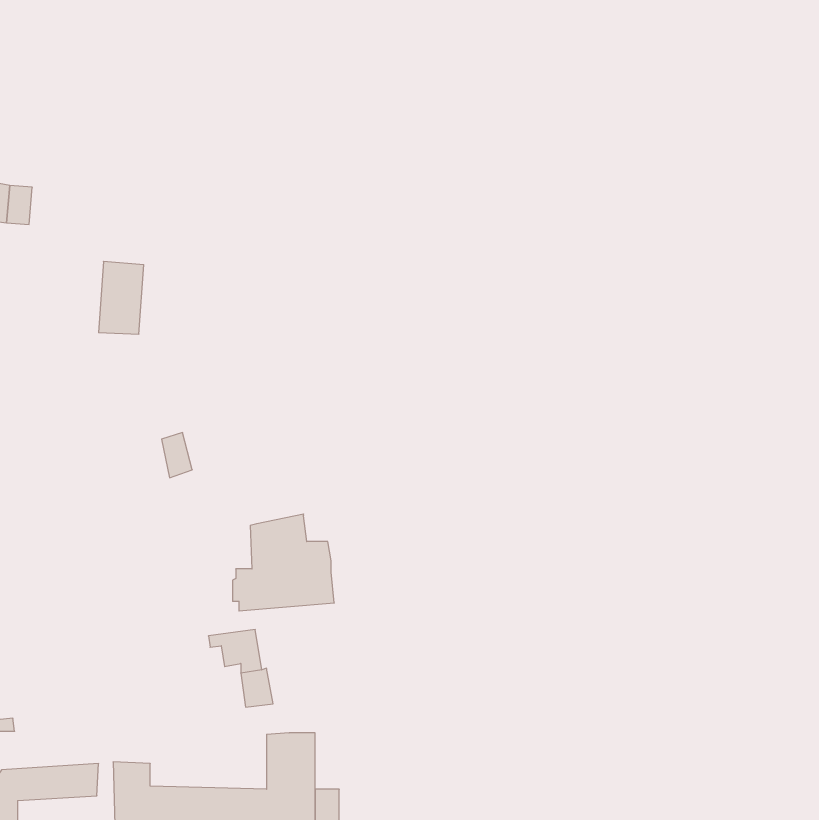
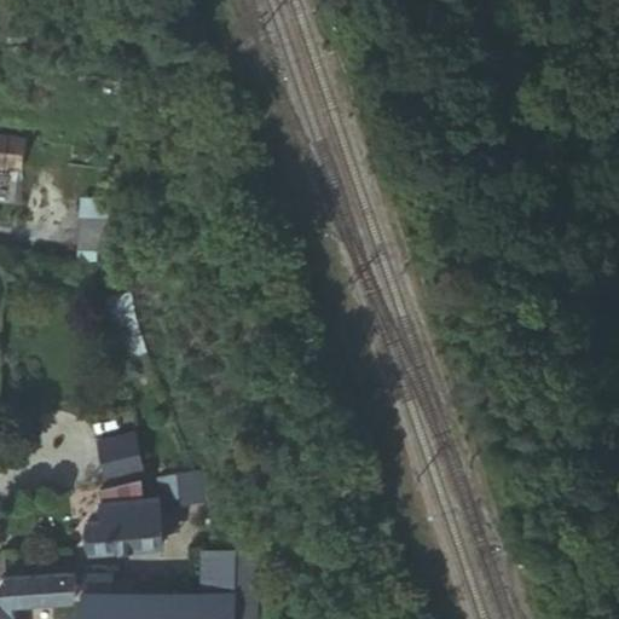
building: [233,514,334,611] -> [86,478,162,550]
building: none -> [97,438,135,479]

